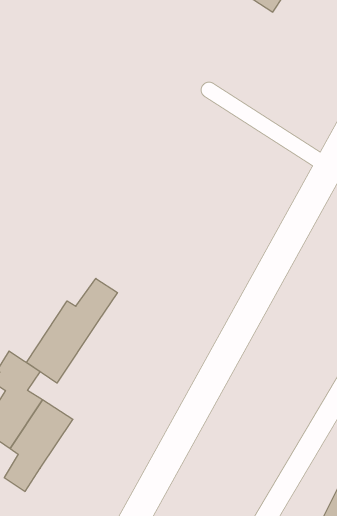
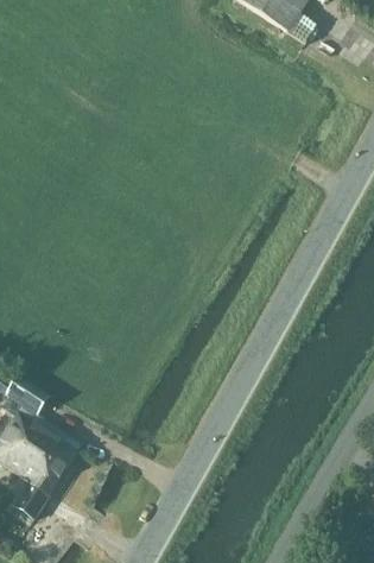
building: [26,278,117,383] -> none

